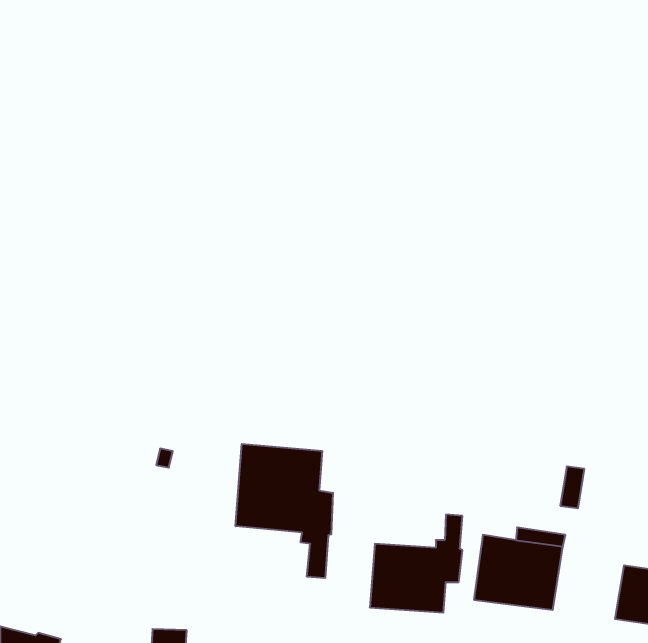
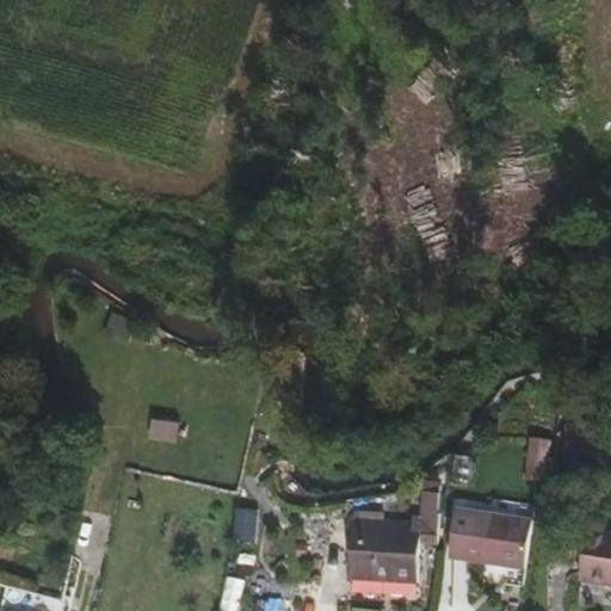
building: [236,444,333,578] -> none

